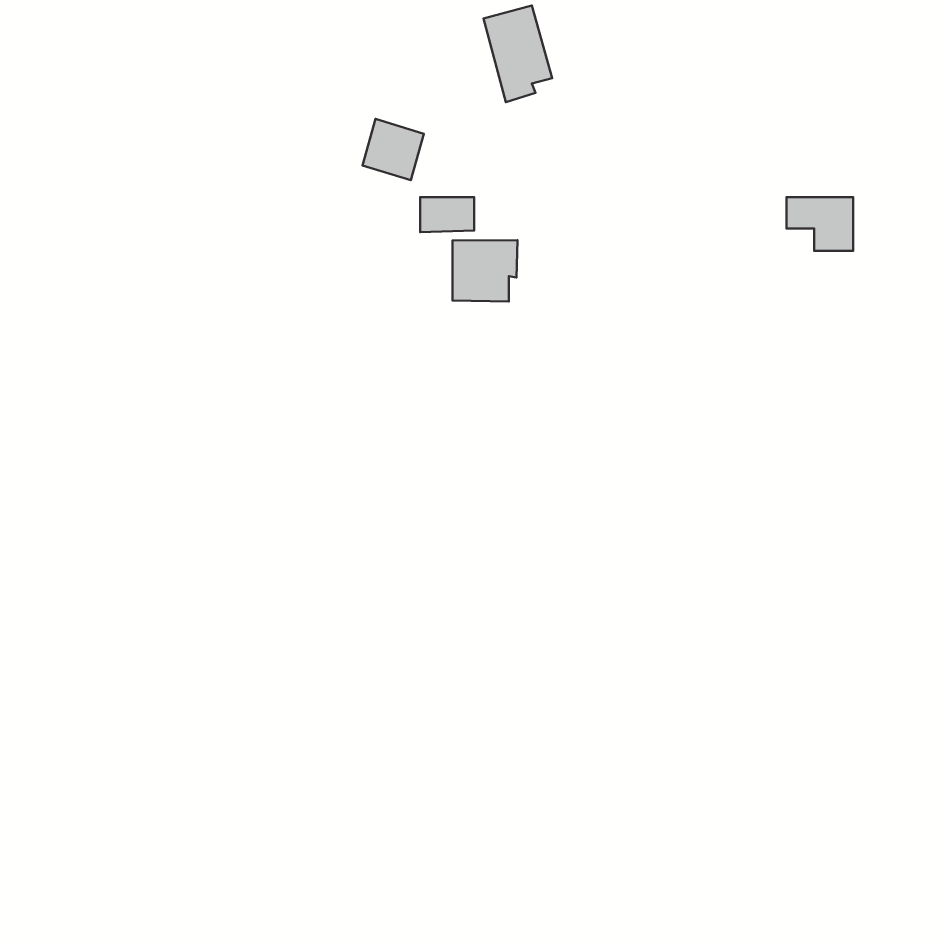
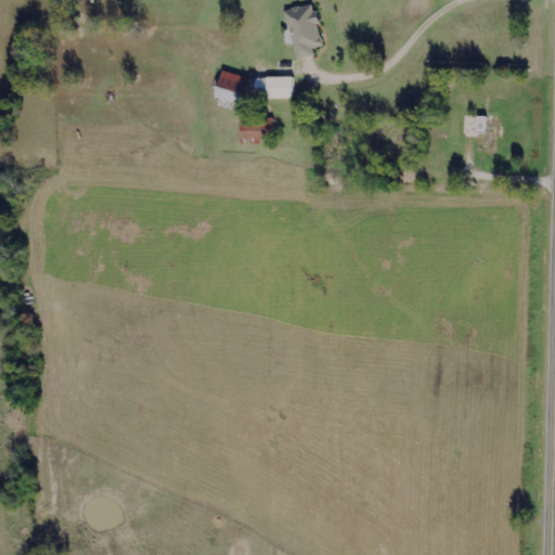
building: none -> [262,76,292,98]
building: [452,240,517,301] -> none

